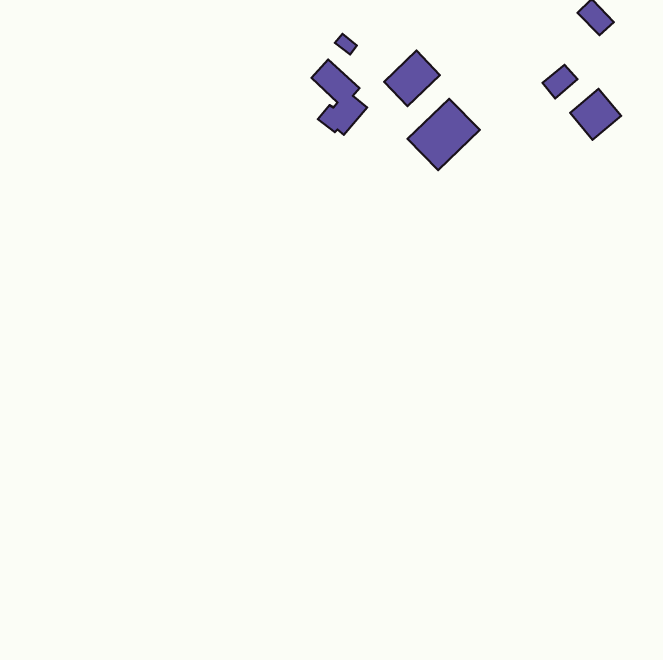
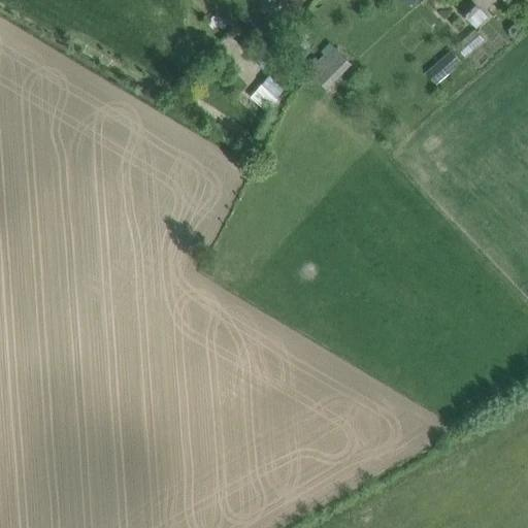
building: [570,89,621,140] -> none
building: [408,99,480,170] -> none

